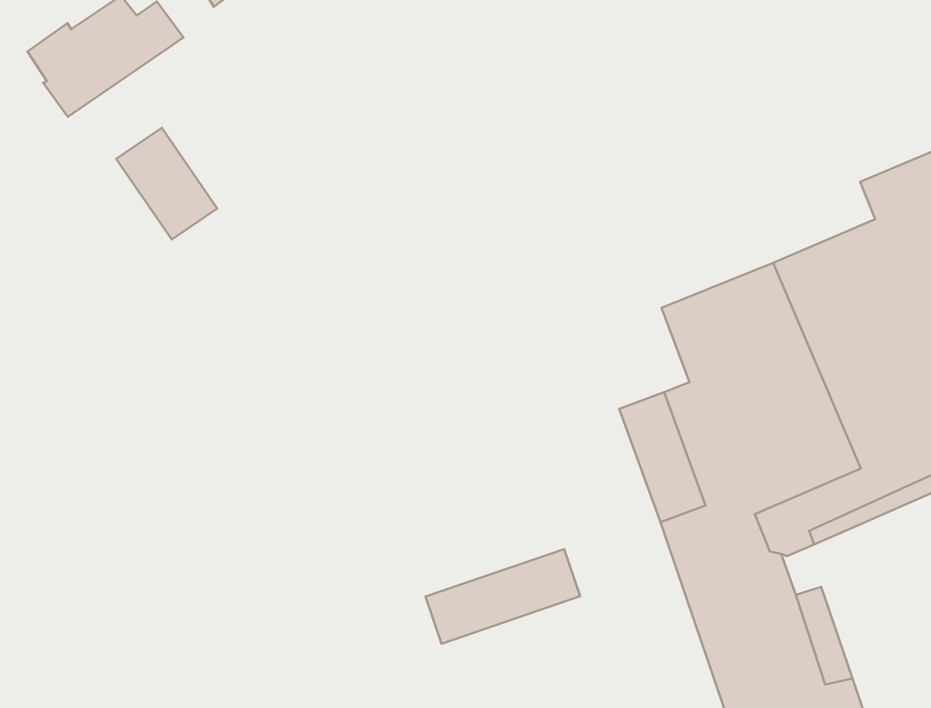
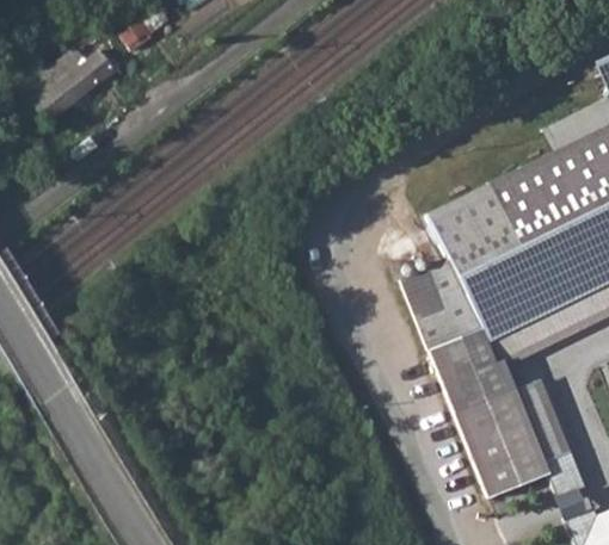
building: [116,128,217,240] -> none
building: [425,549,580,644] -> none

